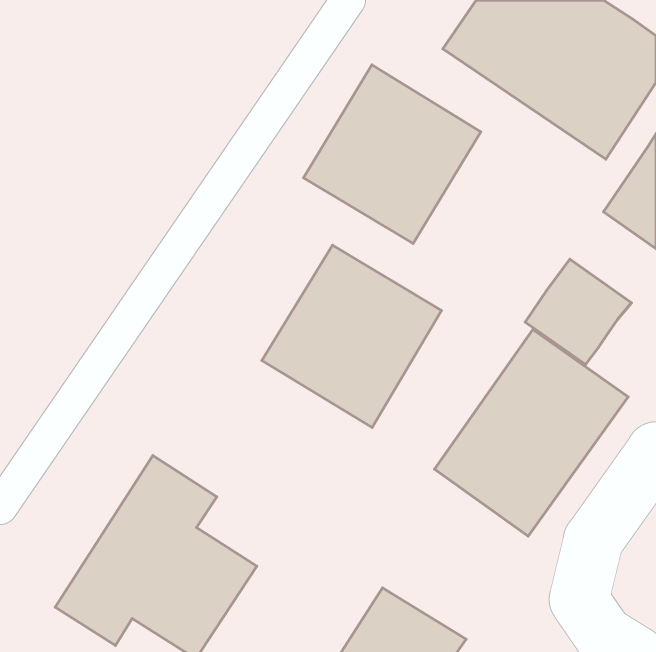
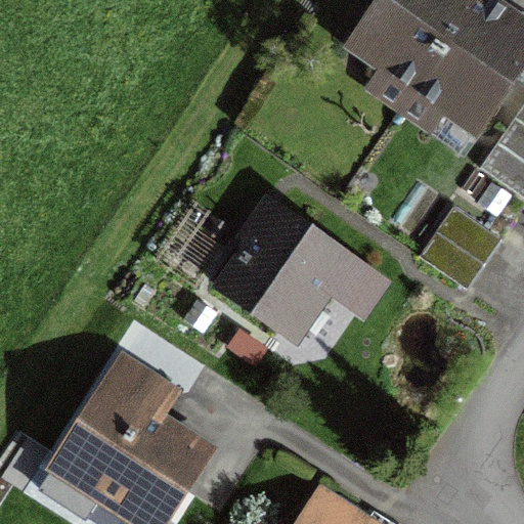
building: [303,65,481,243] -> none
building: [435,330,628,536] -> none

